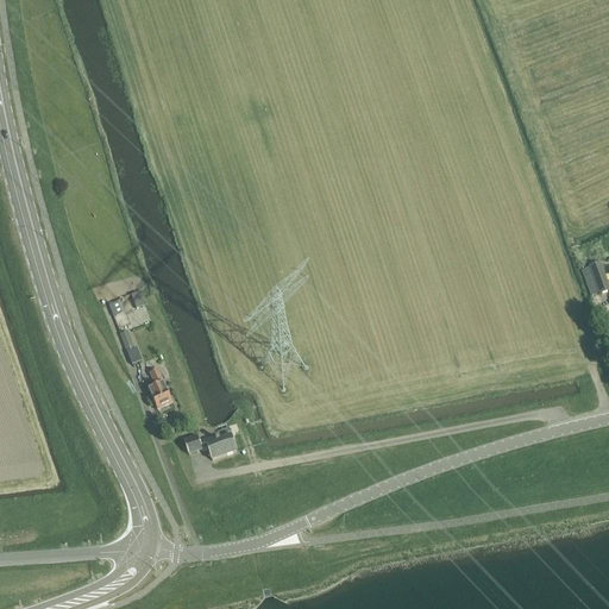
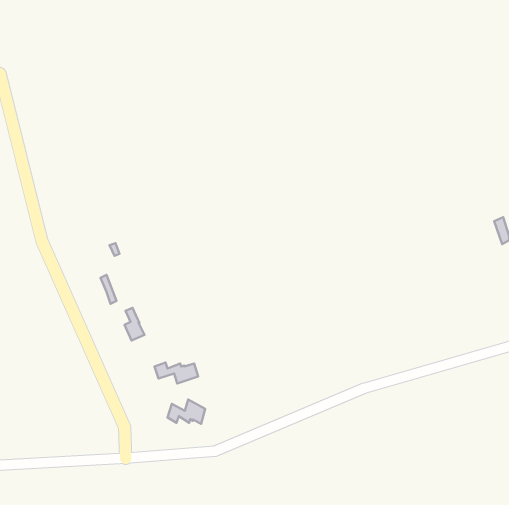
building: none -> [168,399,205,424]

